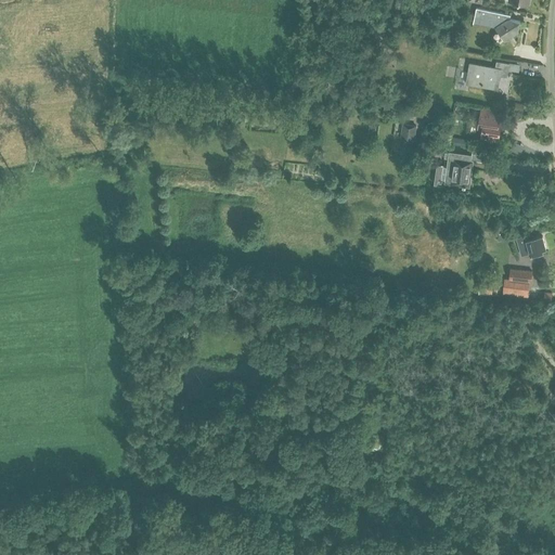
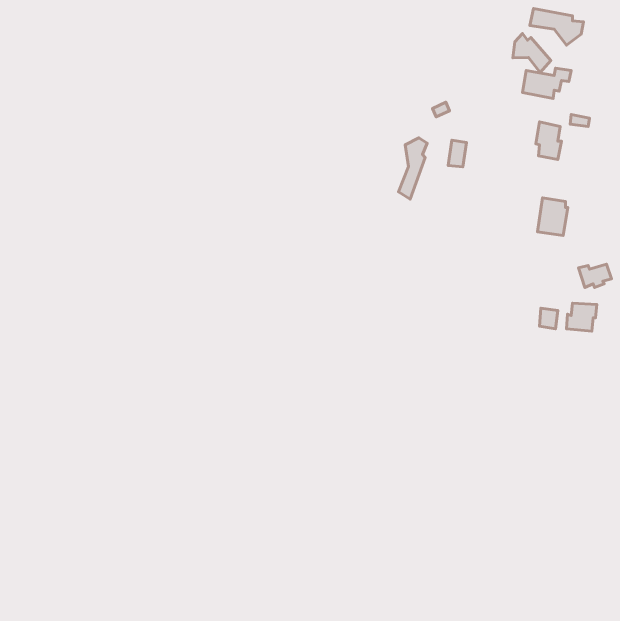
building: none -> [513,33,551,73]
building: none -> [398,138,427,199]
building: [444,156,472,190] -> [538,198,568,236]

